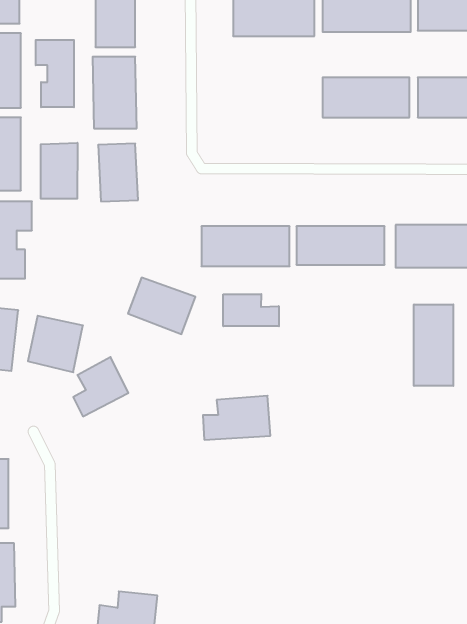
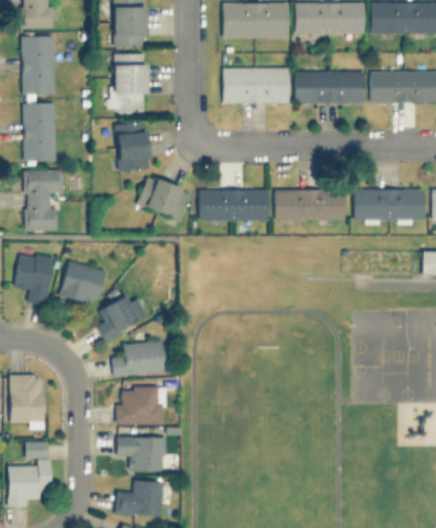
building: [36,40,74,107] -> none
building: none -> [223,68,289,104]
building: [41,143,77,199] -> none
building: [128,278,195,334] -> [137,177,191,222]
building: [223,294,279,326] -> none
building: [414,304,453,386] -> none
building: [203,396,270,440] -> [112,341,166,377]
building: none -> [118,387,166,424]
building: none -> [118,437,165,471]

